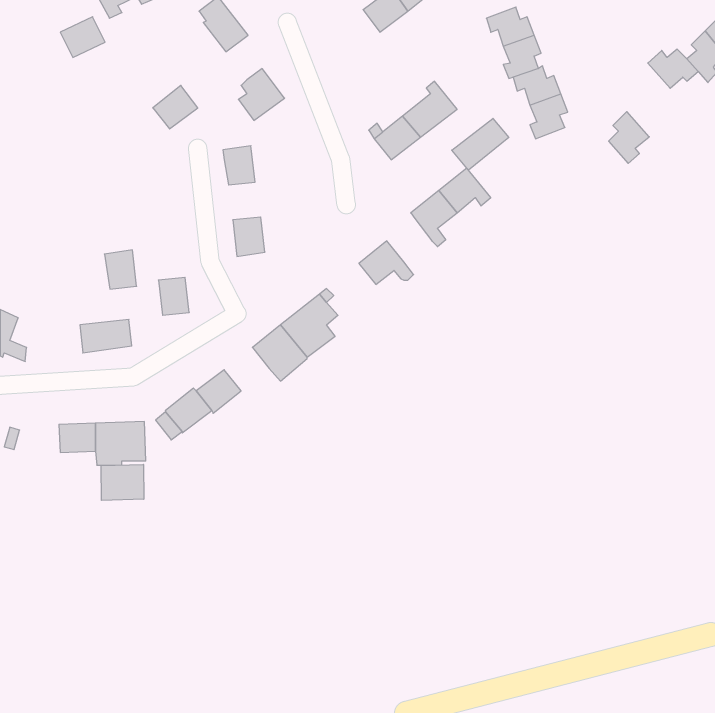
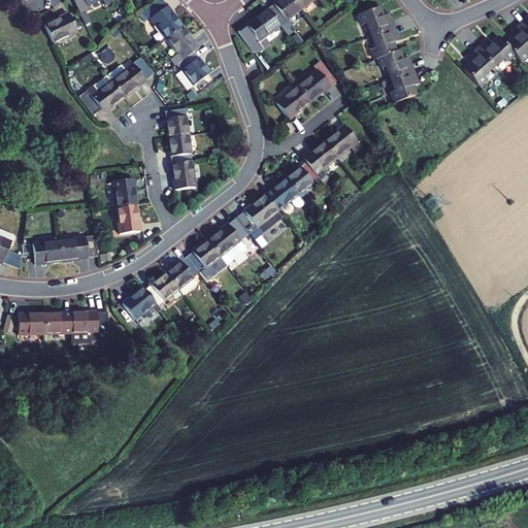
building: none -> [238,7,280,51]
building: none -> [167,26,199,59]
building: none -> [79,73,126,113]
building: [609,112,649,163] -> [464,46,494,85]
building: [452,118,509,170] -> none
building: none -> [169,134,193,162]
building: none -> [286,161,319,193]
building: [104,250,137,289] -> [113,177,137,206]
building: none -> [244,194,284,233]
building: none -> [33,239,62,263]
building: none -> [166,256,199,294]
building: none -> [18,312,45,333]
building: [101,464,144,500] -> none

